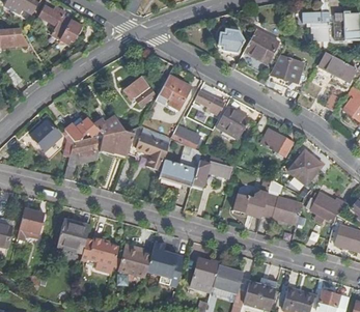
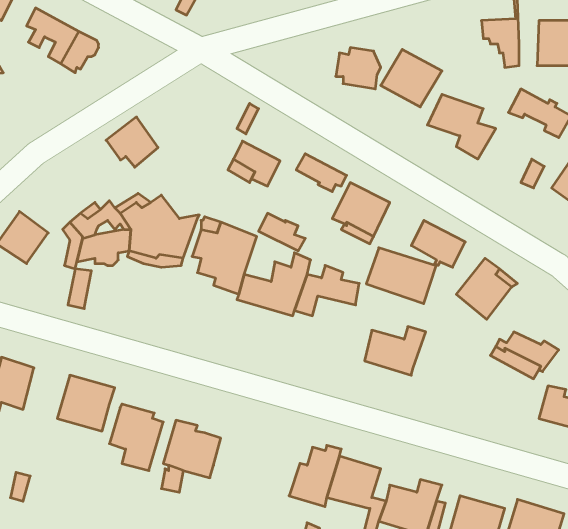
building: [123,76,154,105] -> [106,117,158,167]
building: [262,193,303,225] -> [366,248,436,304]
building: [147,239,186,285] -> none

